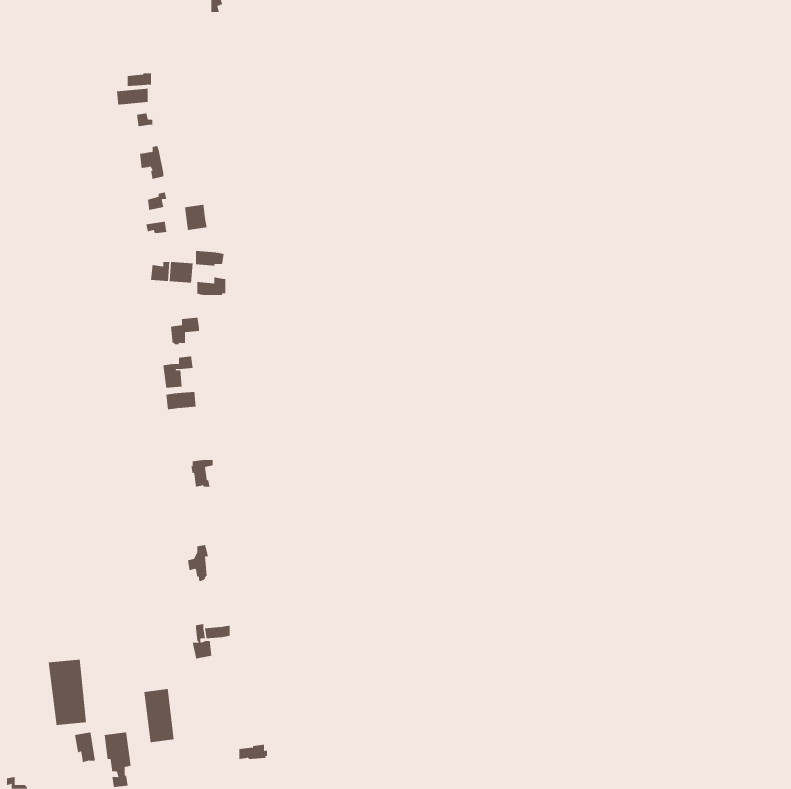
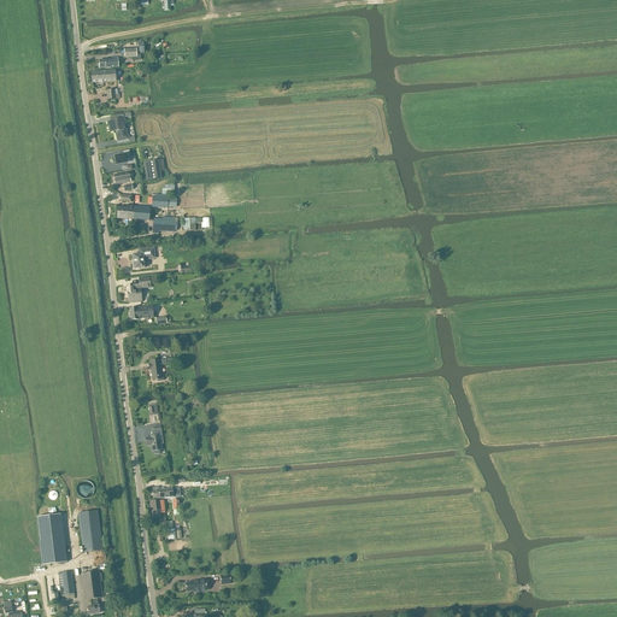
building: [144,689,175,743] -> [78,510,102,552]

